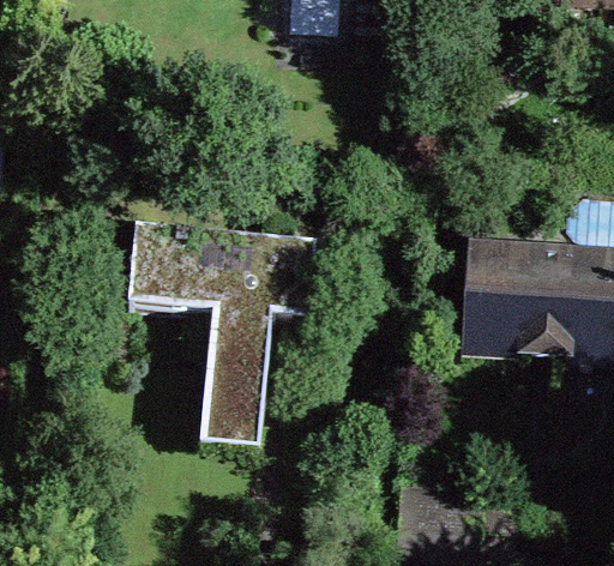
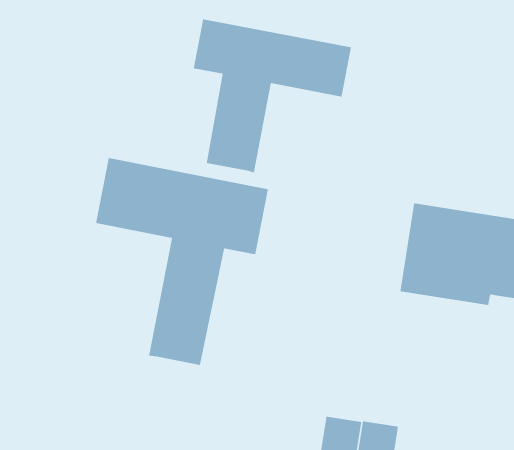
building: none -> [193,18,352,173]

